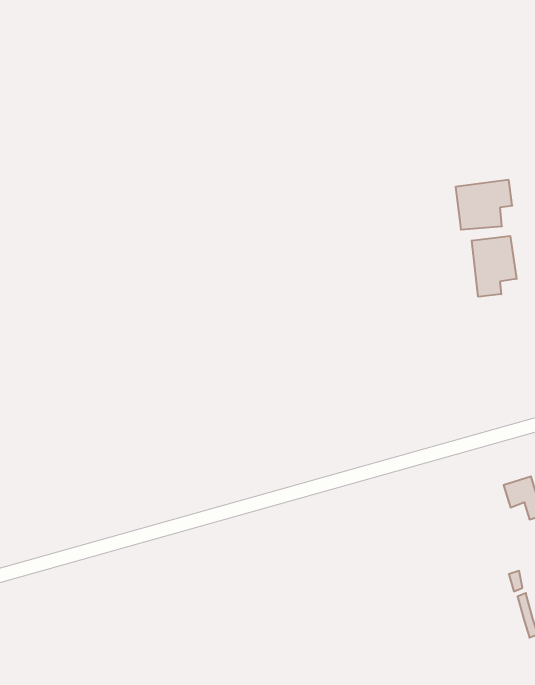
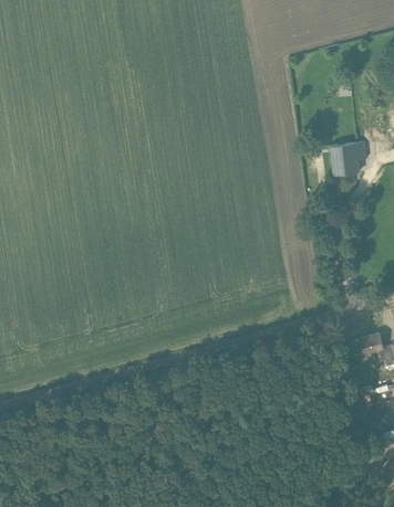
building: [472,236,517,297] -> none

